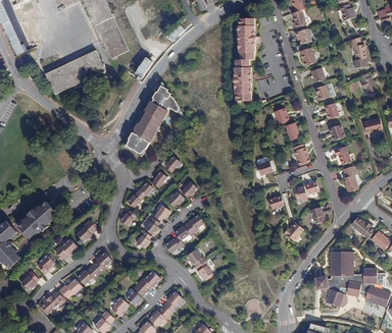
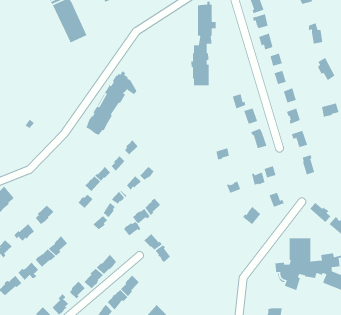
building: [45,50,105,94] -> none

